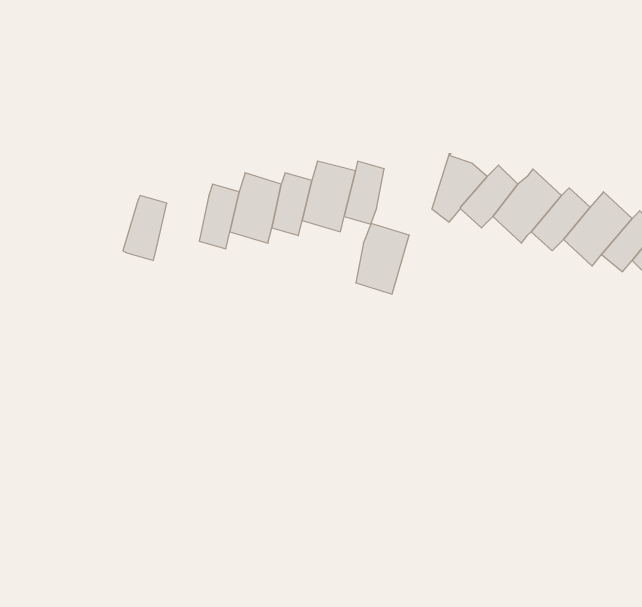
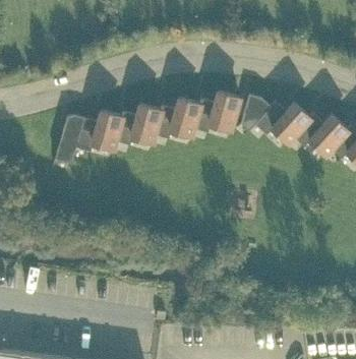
building: none -> [92,111,119,148]
building: none -> [54,116,81,164]
building: [356,224,409,294] -> [209,93,237,130]

